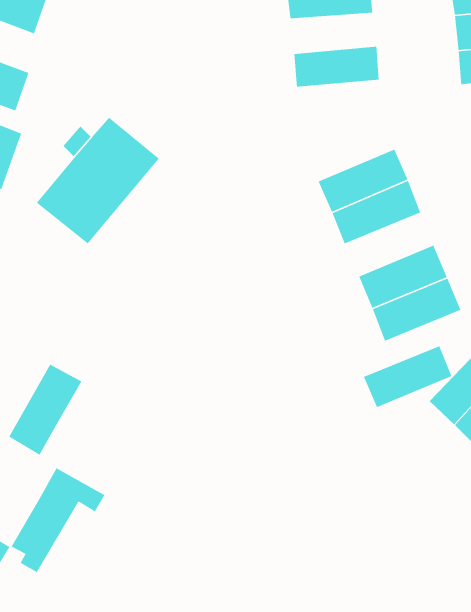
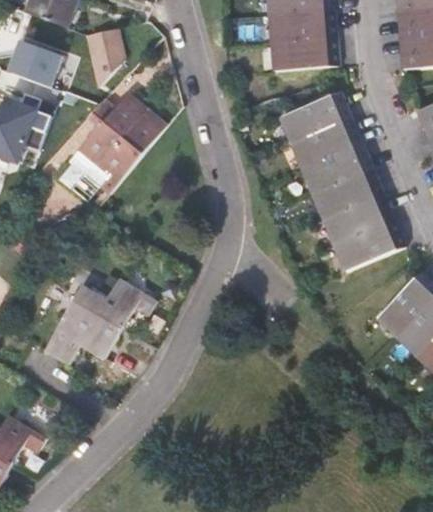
building: none -> [268,11,337,43]
building: none -> [84,29,121,90]
building: none -> [280,92,351,144]
building: [363,345,452,408] -> [311,169,382,219]
building: [11,467,105,573] -> [82,277,157,361]

